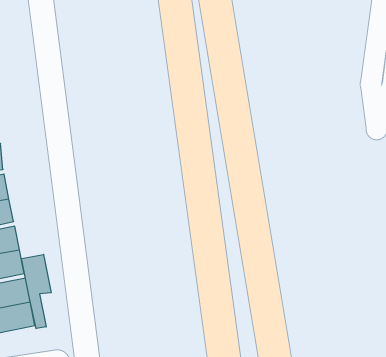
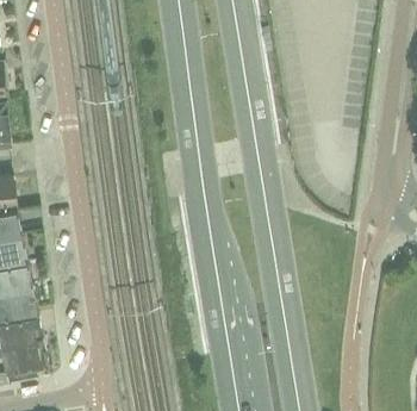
building: [22,254,51,329] -> none

